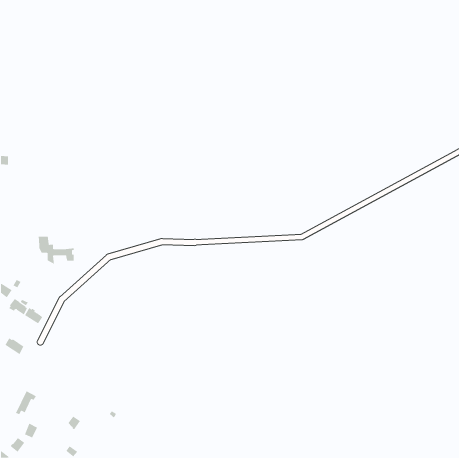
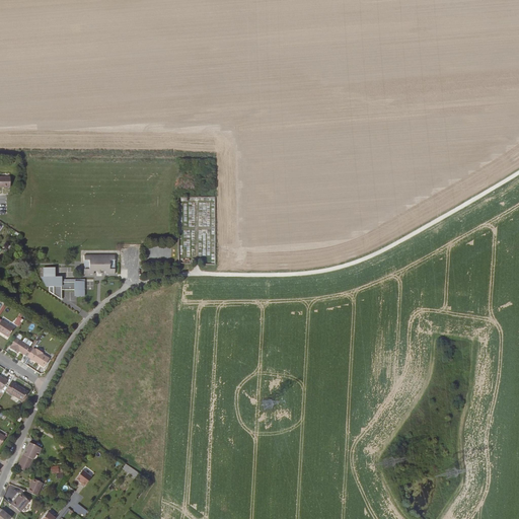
building: none -> [84,254,115,274]

